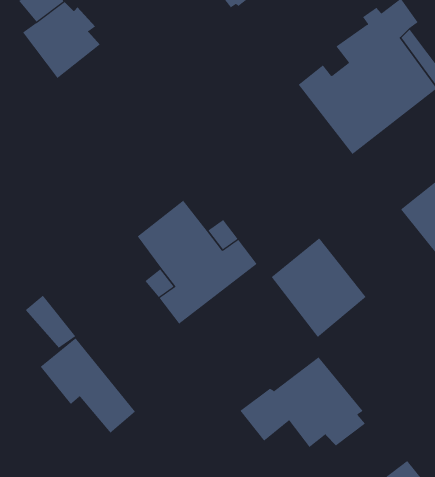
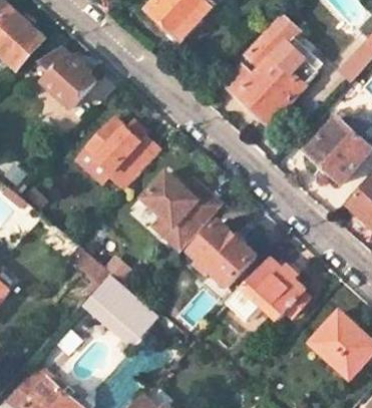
building: none -> [76,120,157,188]
building: [271,238,366,338] -> [190,221,254,286]

